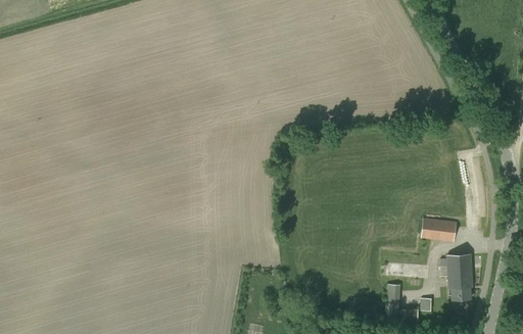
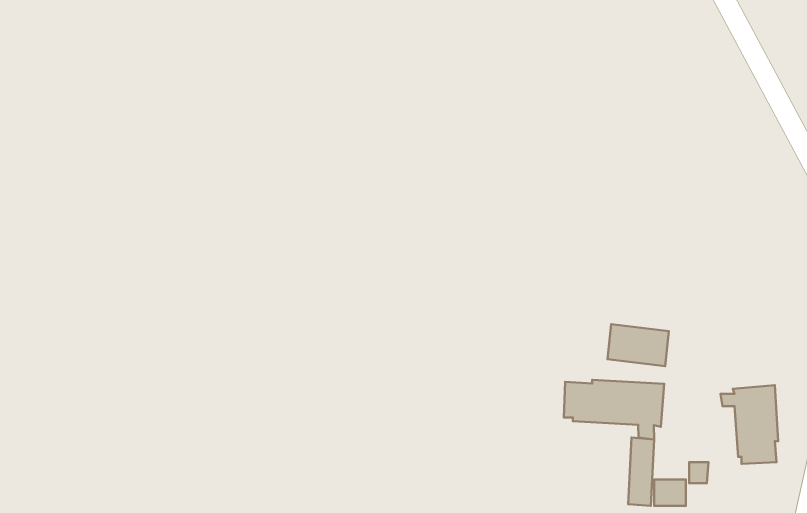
building: [421,218,457,242] -> [608,324,669,366]
building: none -> [564,380,664,439]

